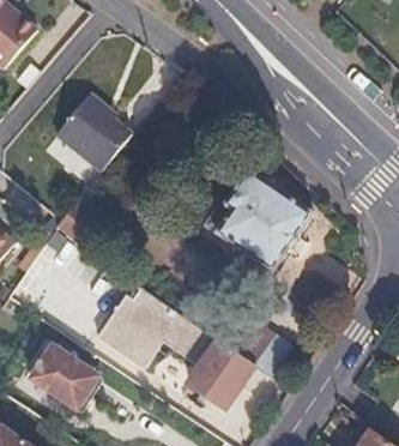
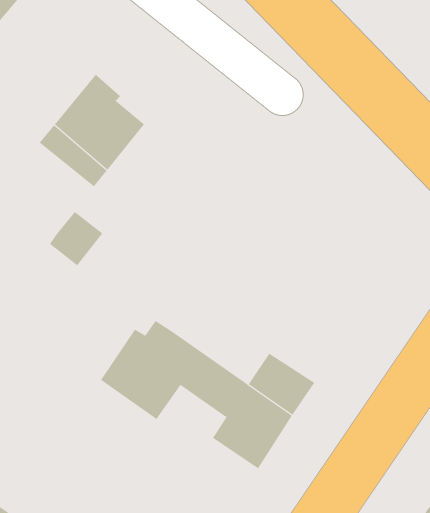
building: [205,167,316,271] -> none
building: [32,346,97,408] -> none

